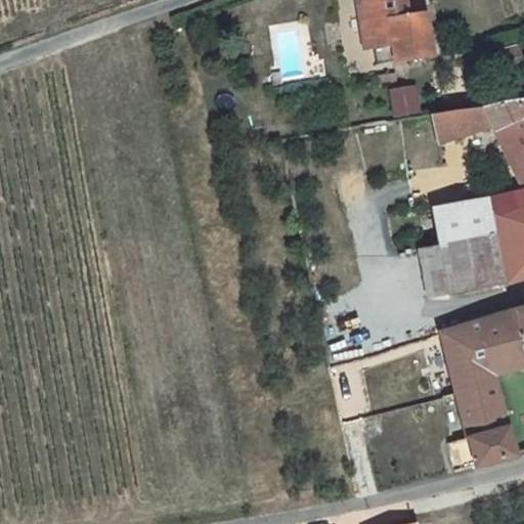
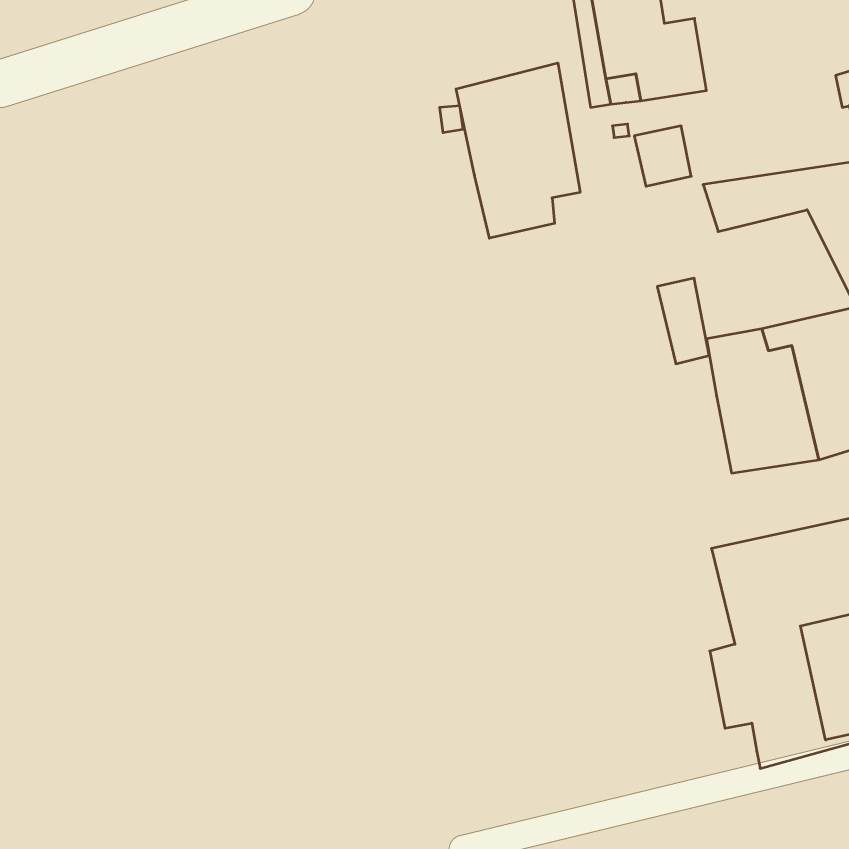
building: none -> [456,63,580,238]
building: [420,242,451,294] -> [657,278,709,364]

